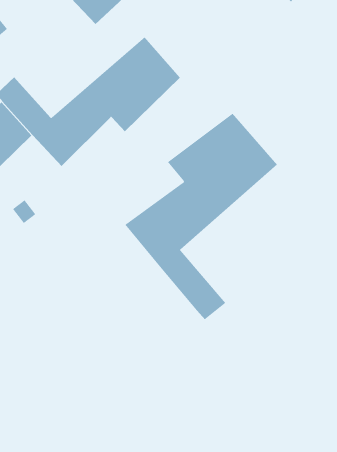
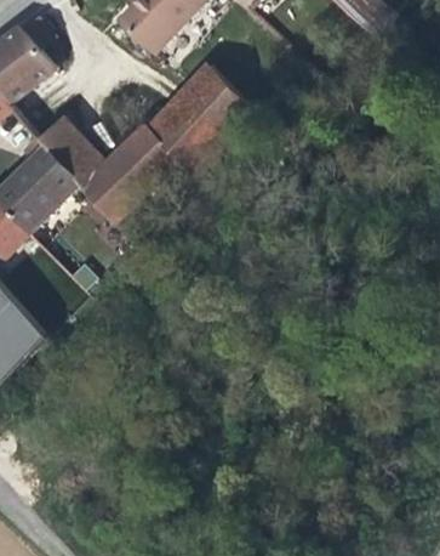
building: [125,113,278,320] -> none

